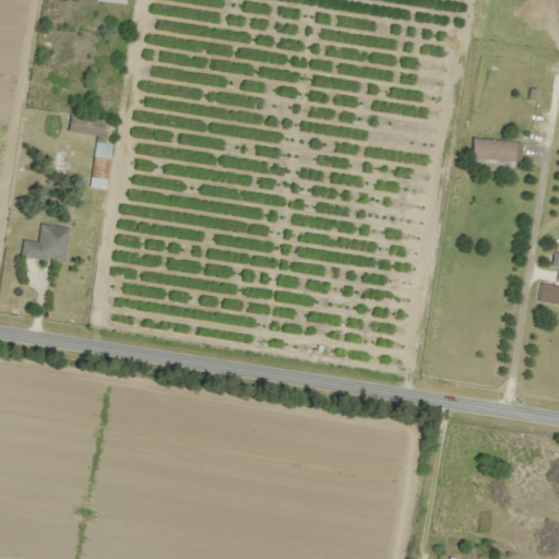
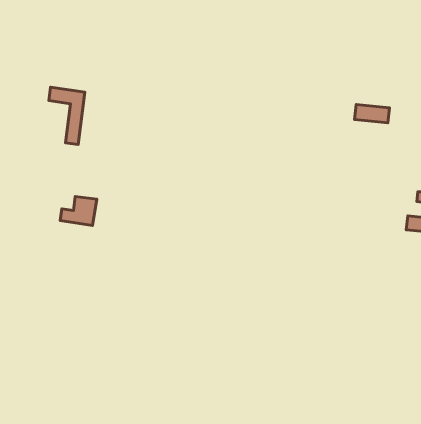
building: [23,224,71,262] -> [60,197,97,226]

